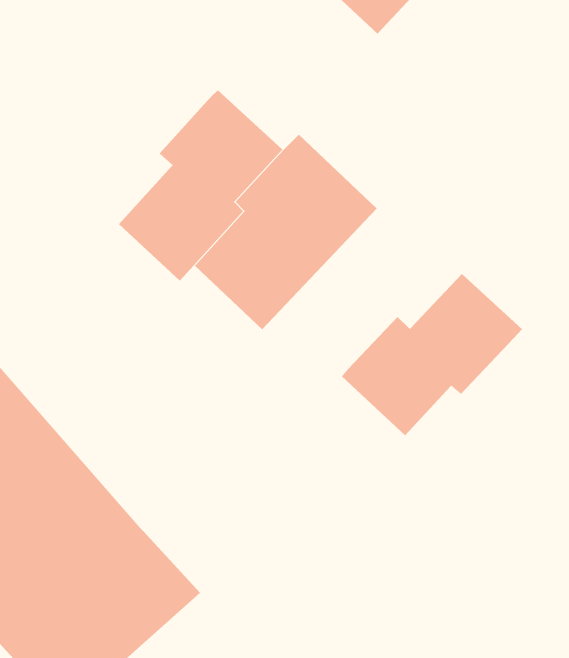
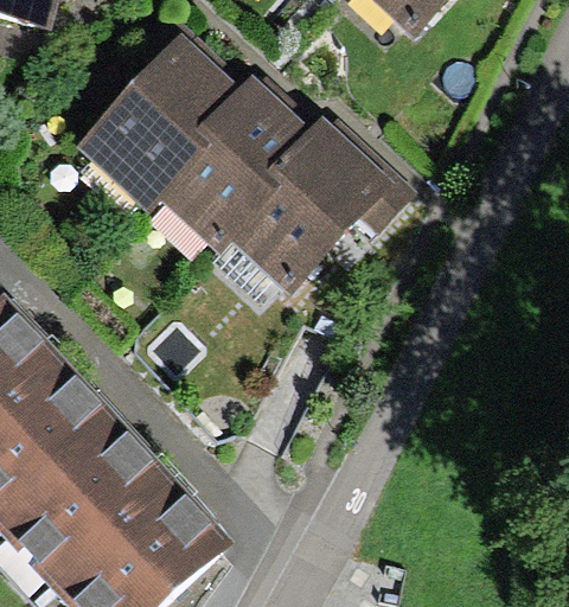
building: none -> [72,32,241,216]
building: [341,273,523,436] -> none

